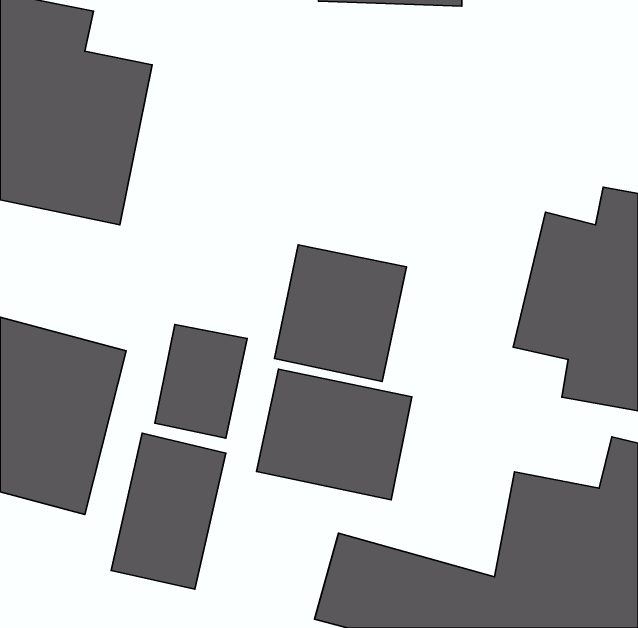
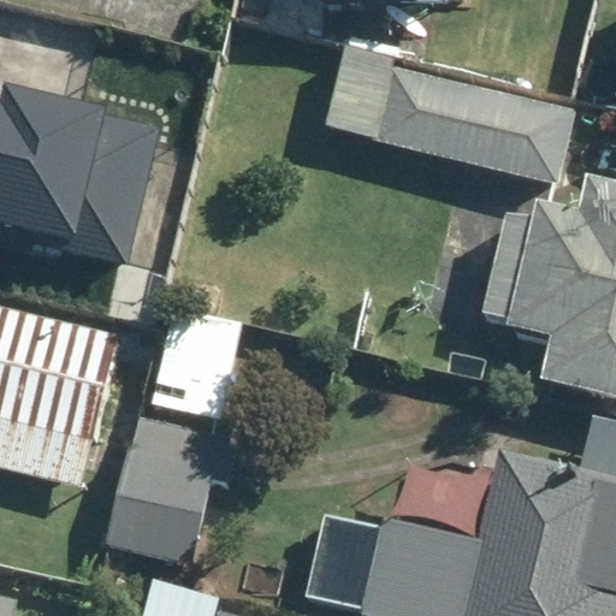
building: none -> [377,59,573,185]
building: [275,245,406,381] -> none
building: [257,369,412,500] -> none

